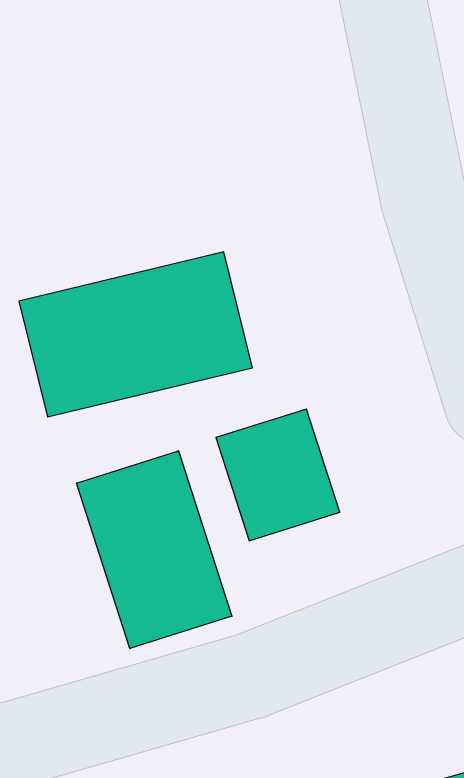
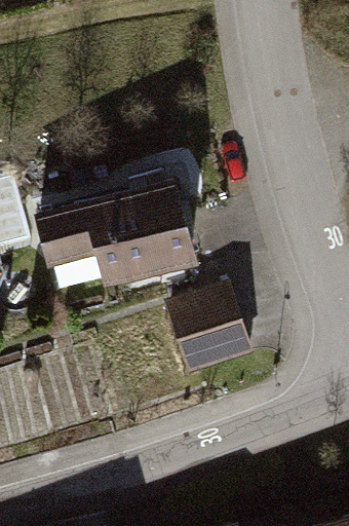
building: [77,451,232,649] -> none

